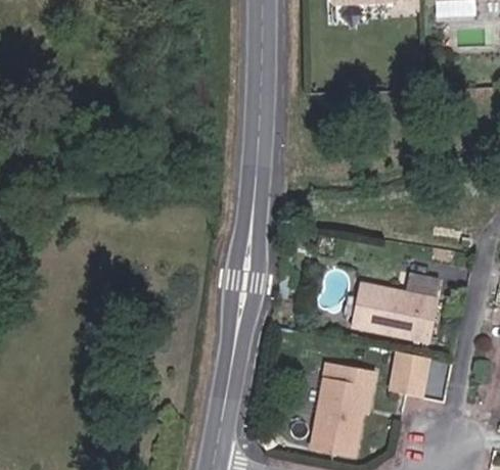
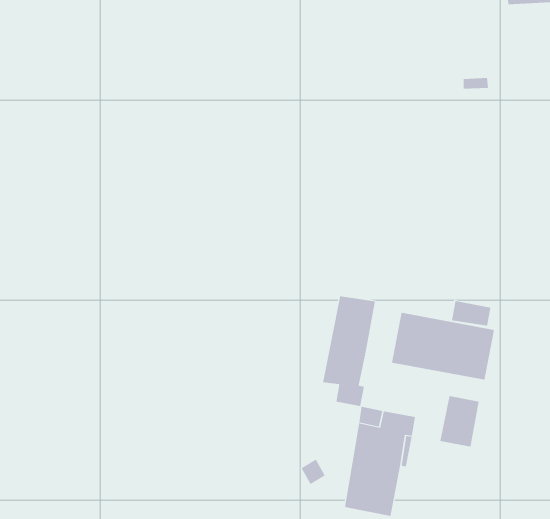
building: none -> [323,295,375,407]

